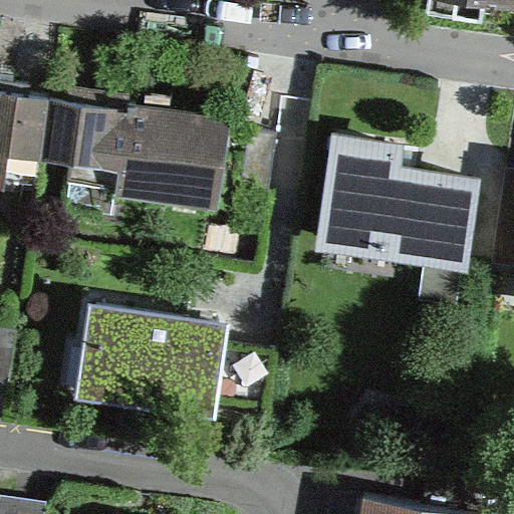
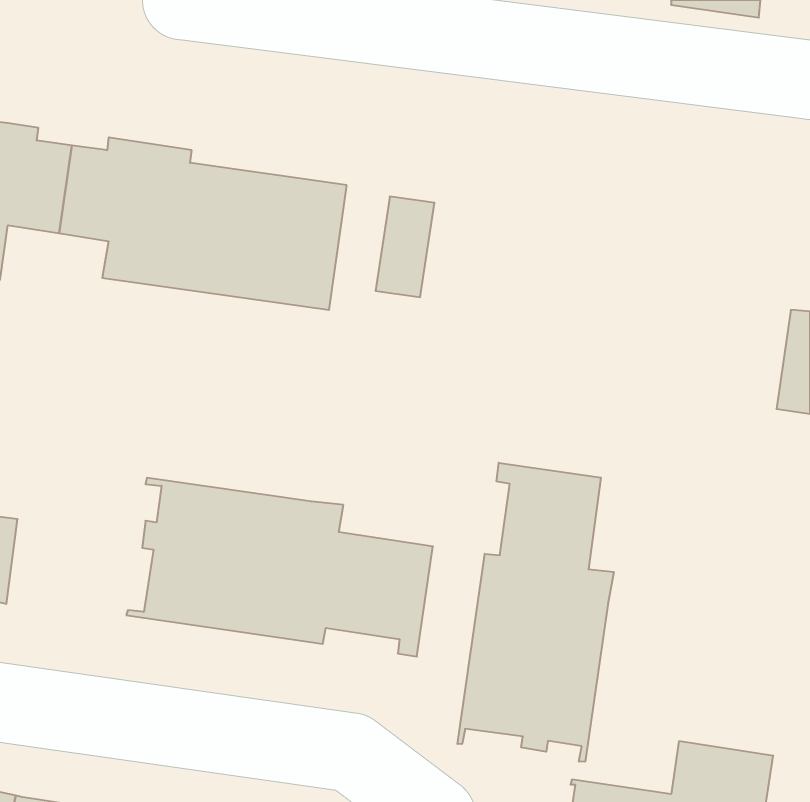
building: [319,143,469,264] -> none
building: none -> [457,463,614,762]

